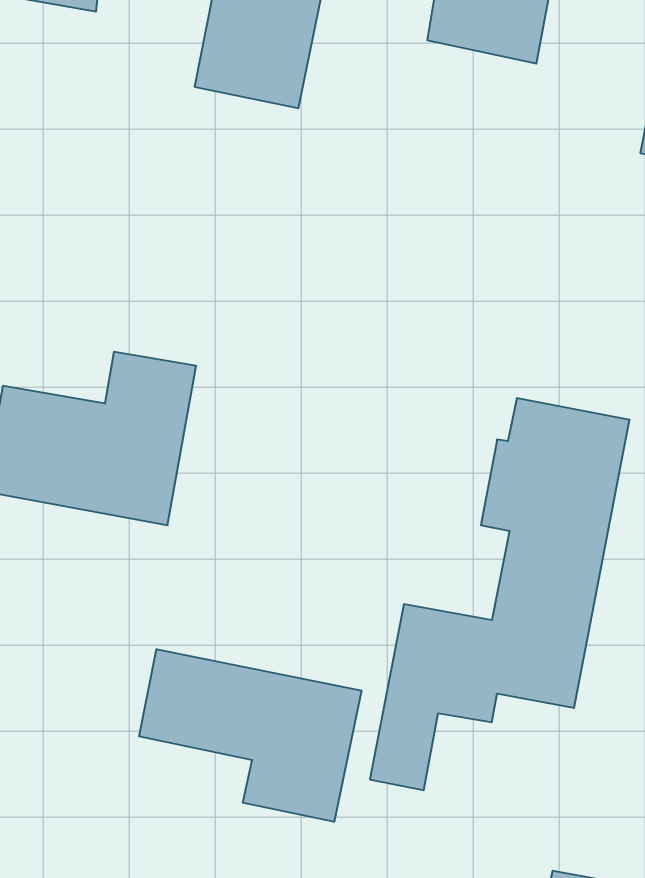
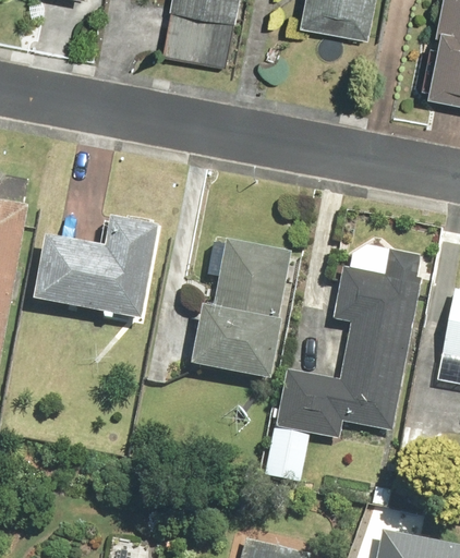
building: none -> [194,234,294,379]
building: [139,649,362,822] -> none

